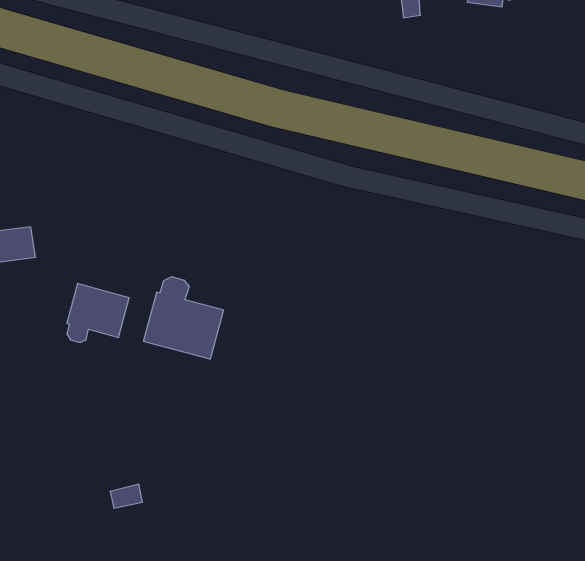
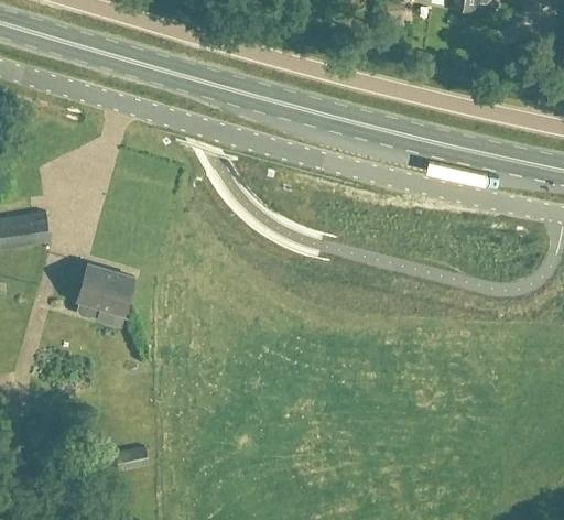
building: [143,277,224,359] -> none

